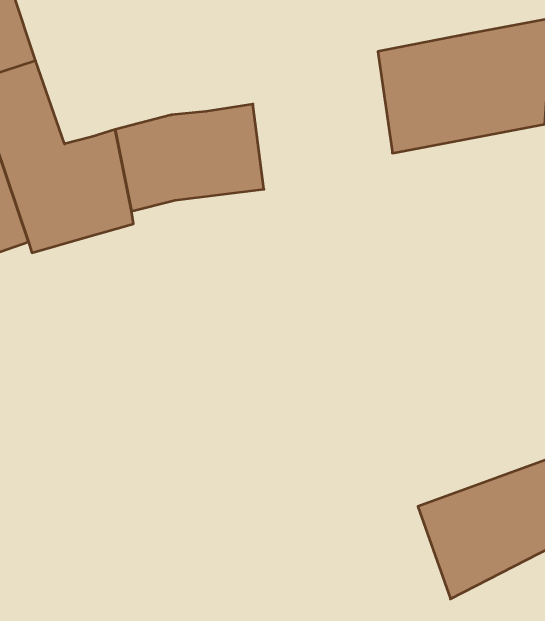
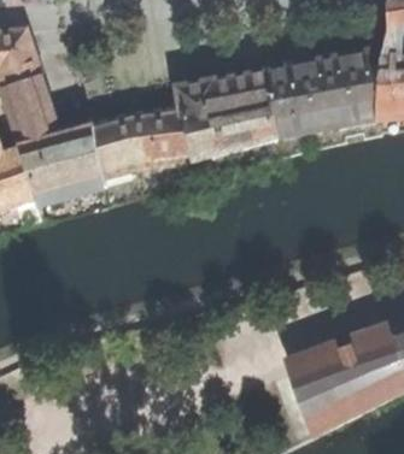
building: none -> [178,67,276,166]

